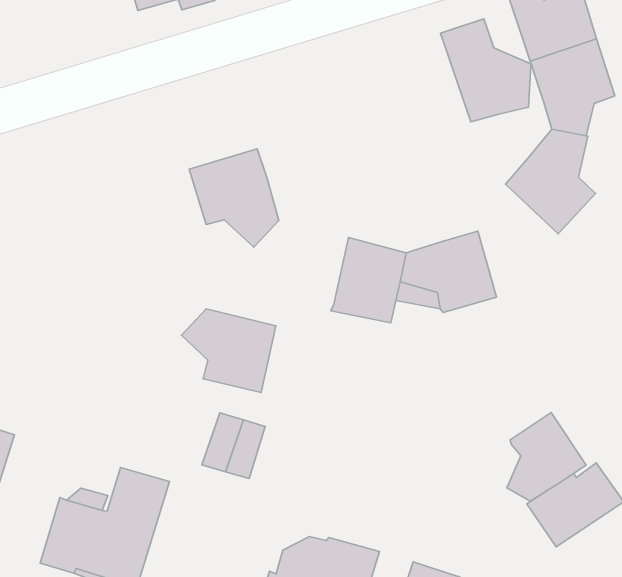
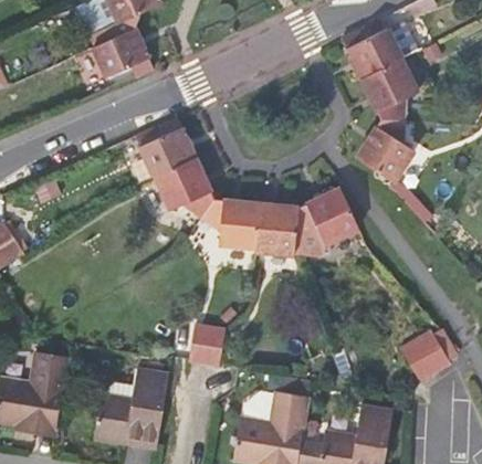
building: [441,19,531,122] -> none
building: none -> [139,125,196,176]
building: [181,309,276,392] -> [202,200,261,247]
building: [507,413,586,501] -> none

